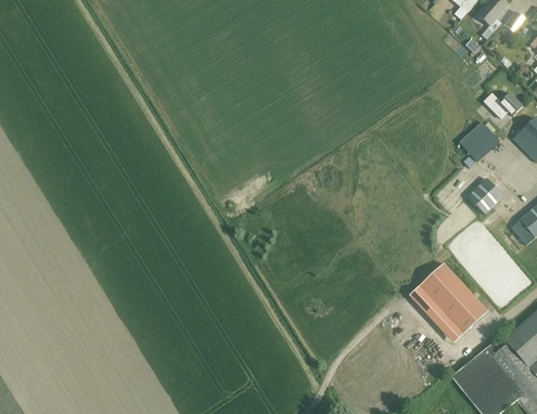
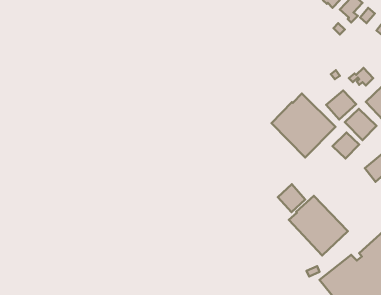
building: none -> [272,93,336,157]
building: none -> [345,109,377,140]
building: none -> [278,184,305,212]

